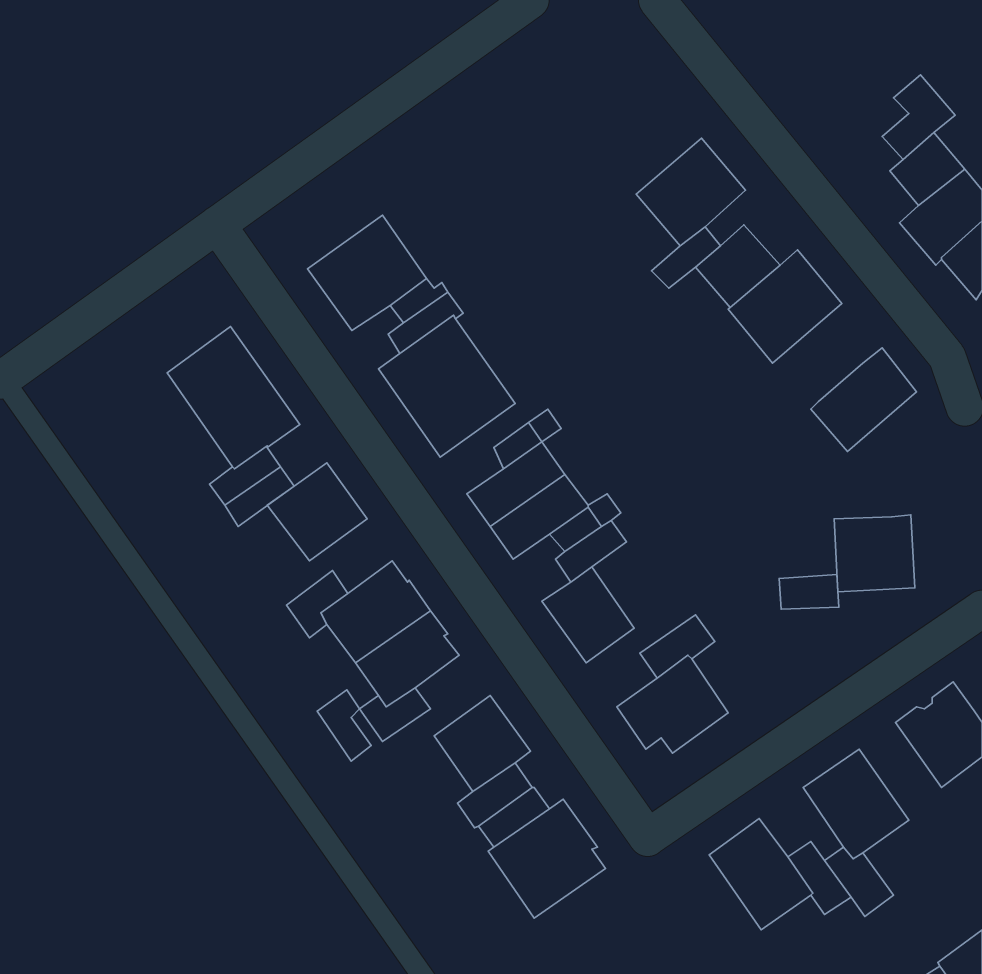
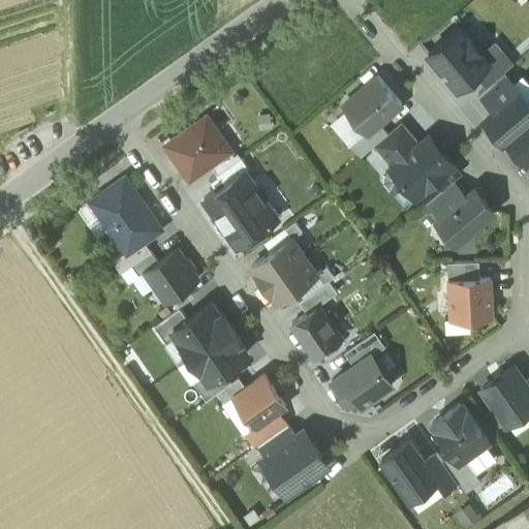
building: none -> [428,31,489,92]
building: none -> [428,185,464,220]
building: [779,575,839,609] -> [447,264,479,283]
building: [317,690,371,761] -> none

